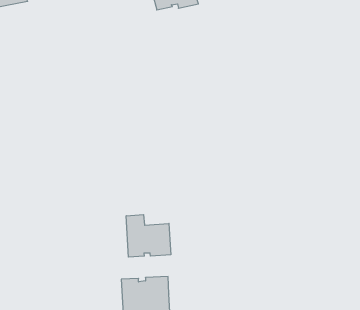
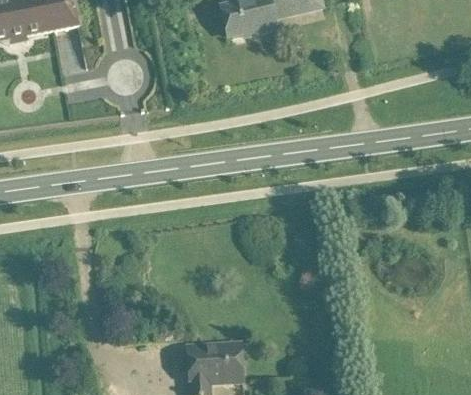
building: [126,215,171,257] -> none

